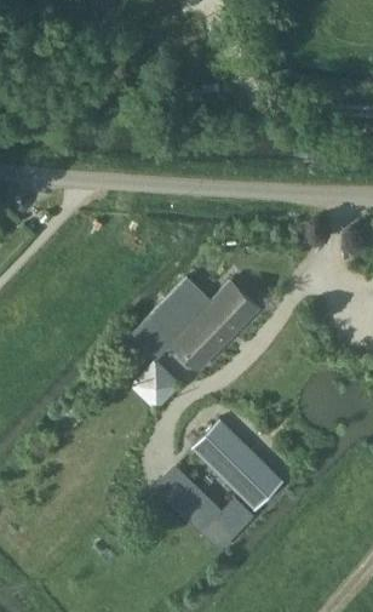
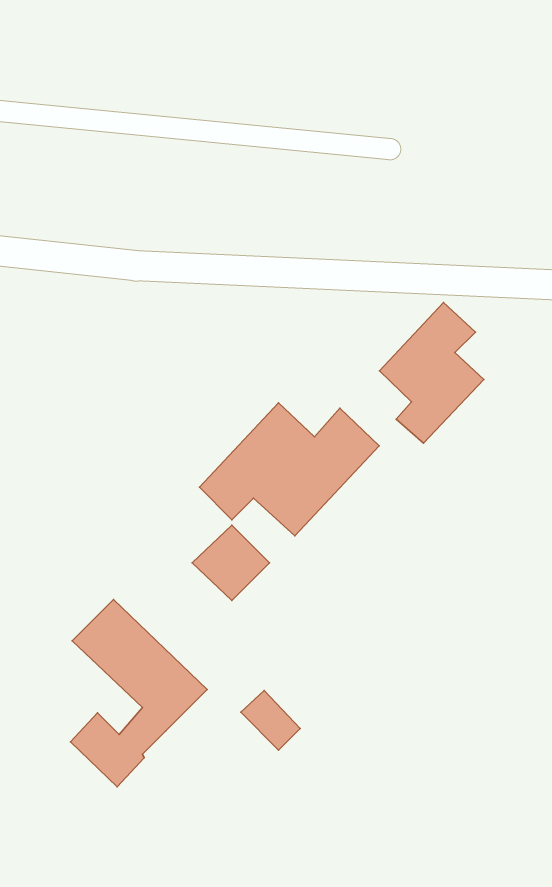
building: none -> [380,303,484,443]
building: [191,423,283,549] -> [70,600,207,787]

